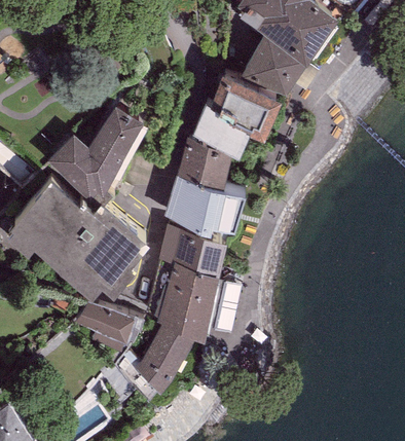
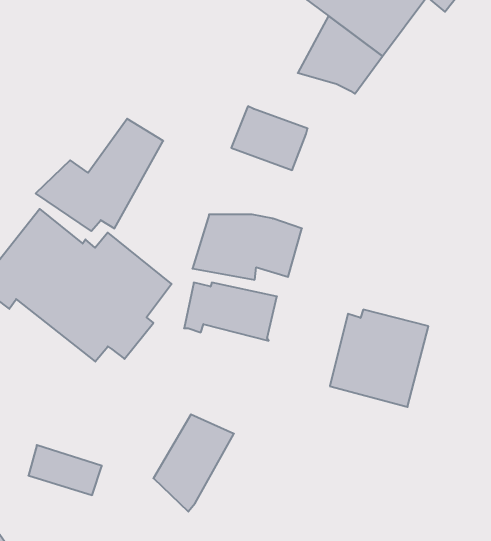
building: [209,67,281,124] -> none
building: [176,139,232,182] -> none
building: [147,260,220,332] -> [330,310,428,407]
building: [78,306,133,343] -> [28,445,102,495]

